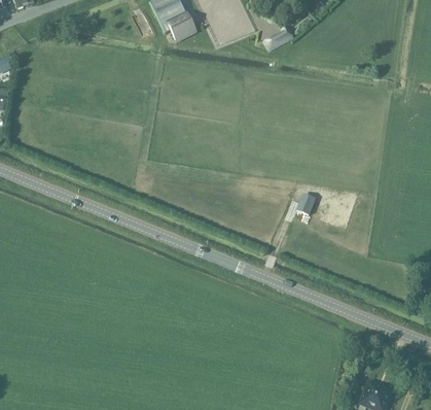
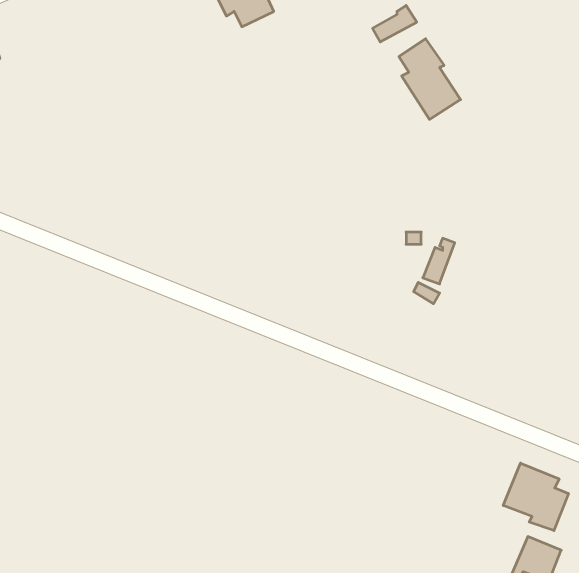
building: none -> [399,39,461,119]
building: none -> [503,463,568,531]

